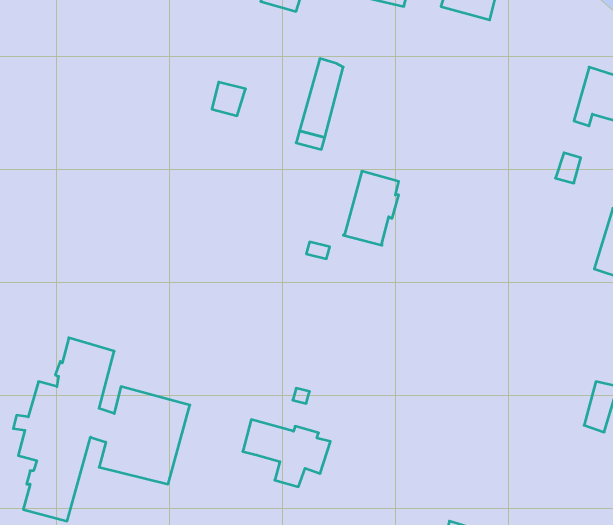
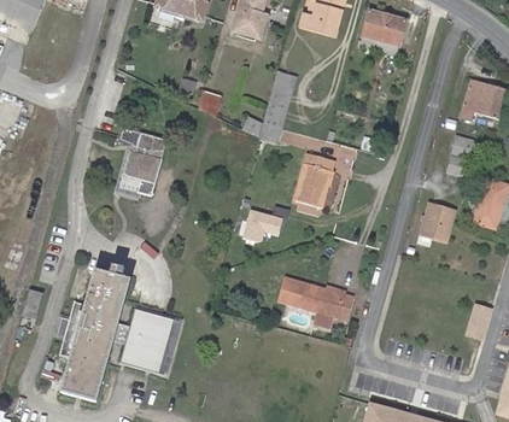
building: none -> [123,124,169,182]
building: none -> [419,201,458,244]
building: none -> [244,211,281,241]
building: [243,420,330,487] -> [289,280,352,328]

